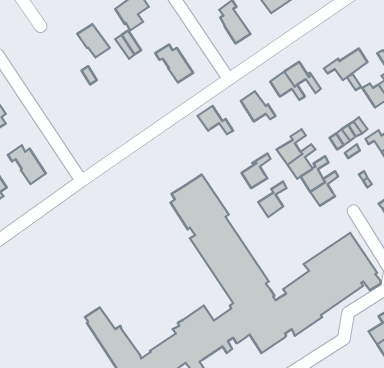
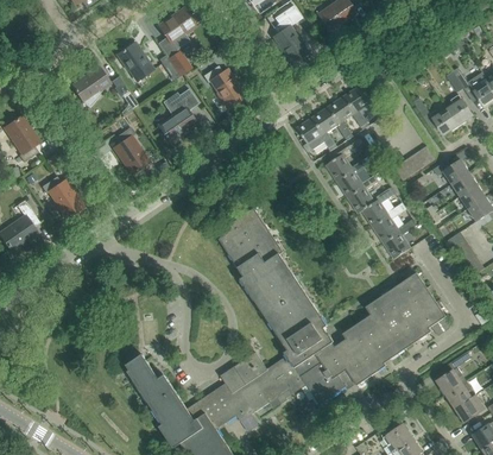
building: none -> [71,68,109,106]
building: [324,48,368,80] -> none
building: none -> [158,88,197,141]
building: none -> [113,127,147,173]
building: [197,106,233,134] -> [311,106,350,137]
building: [241,153,271,188] -> [324,143,356,181]
building: [258,182,286,217] -> [383,220,413,259]

